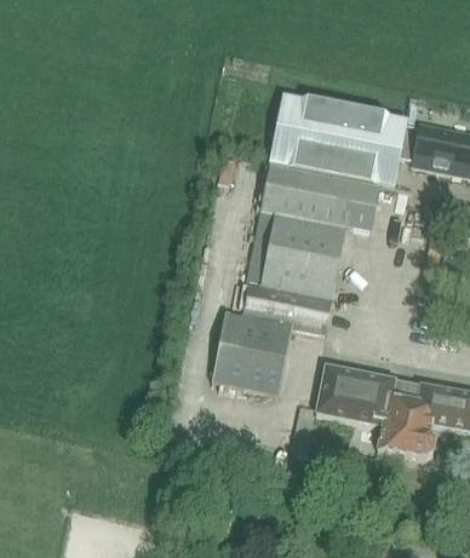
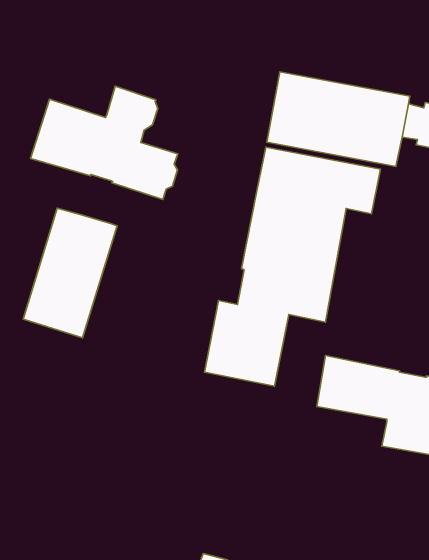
building: none -> [30,86,178,200]
building: none -> [23,208,117,338]

